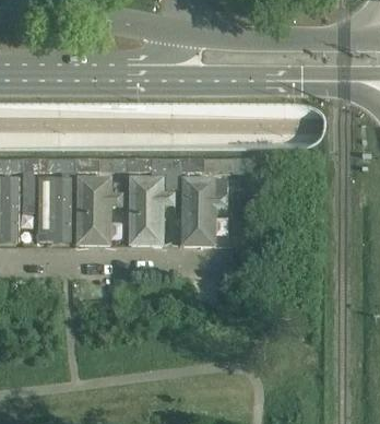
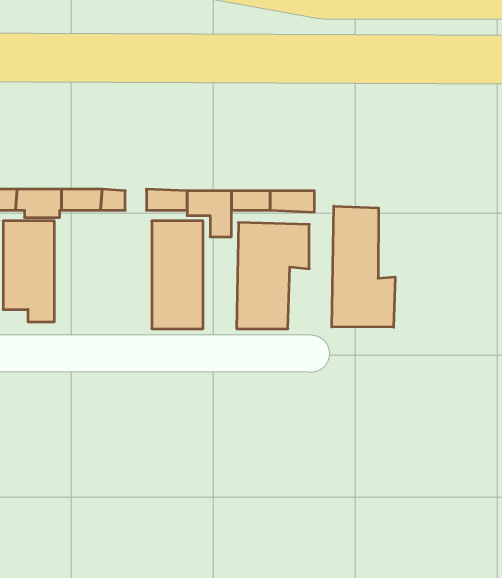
building: none -> [332,206,395,327]
building: [78,177,110,246] -> none

